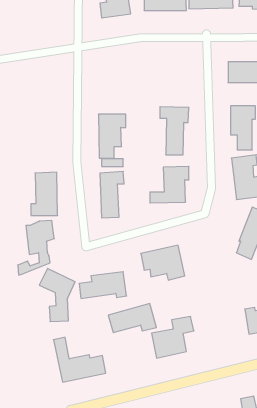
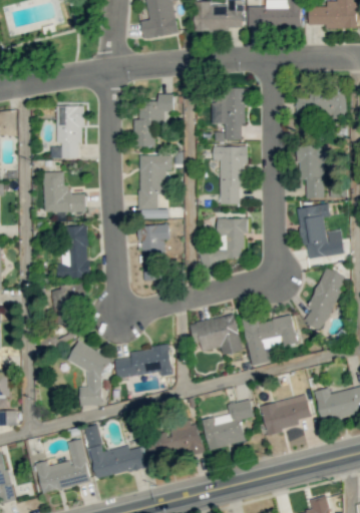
building: none -> [212,88,245,140]
building: none -> [133,93,173,146]
building: none -> [50,105,84,158]
building: none -> [43,171,85,211]
building: none -> [242,314,297,366]
building: [108,304,156,333] -> [146,423,205,458]
building: none -> [260,393,311,434]
building: none -> [35,438,91,493]

